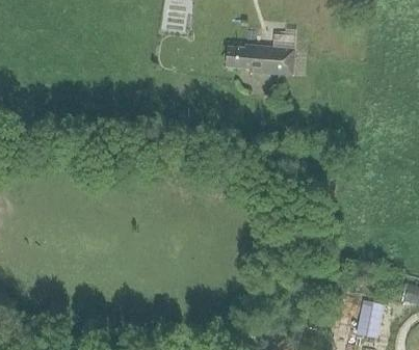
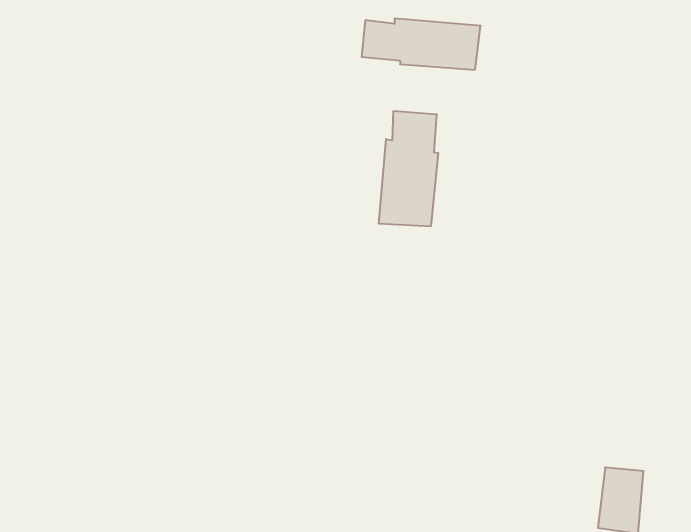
building: none -> [379,111,438,226]

